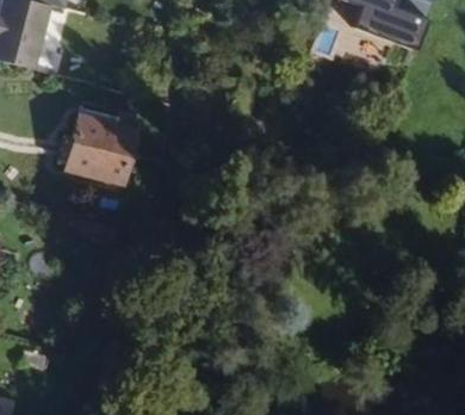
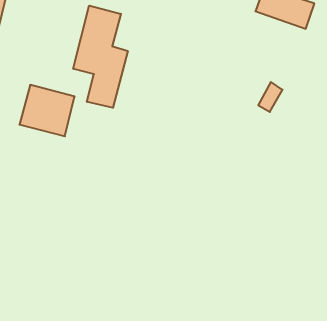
building: none -> [73,6,128,108]

